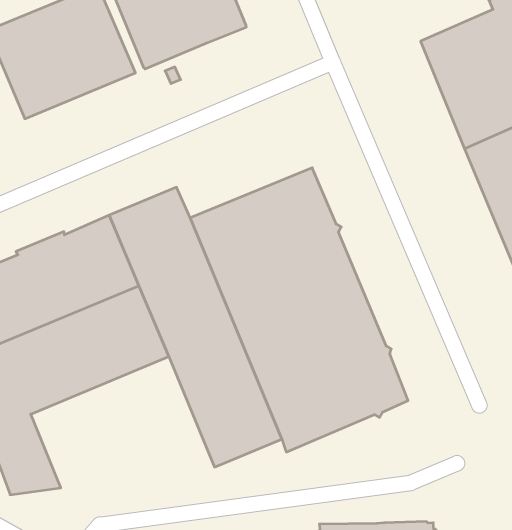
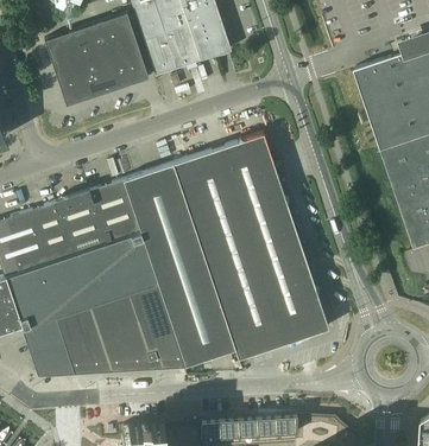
building: none -> [172,133,271,185]
building: none -> [56,283,185,372]

